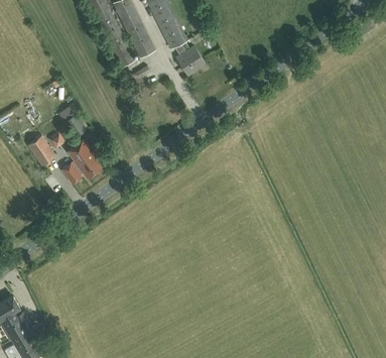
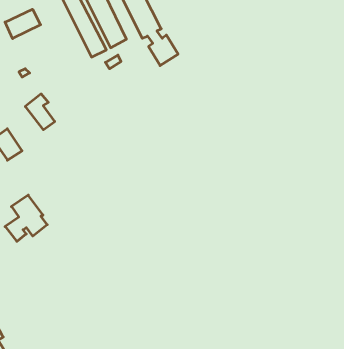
building: none -> [5,9,41,39]
building: [61,139,102,184] -> [5,195,47,241]

